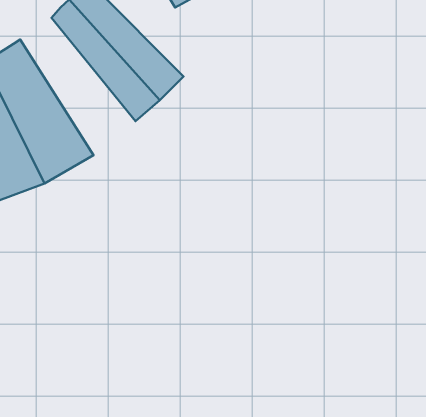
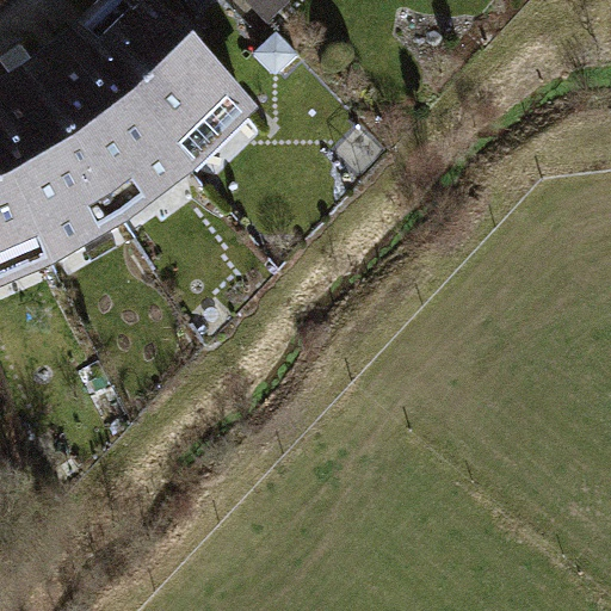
building: none -> [29,25,192,220]

